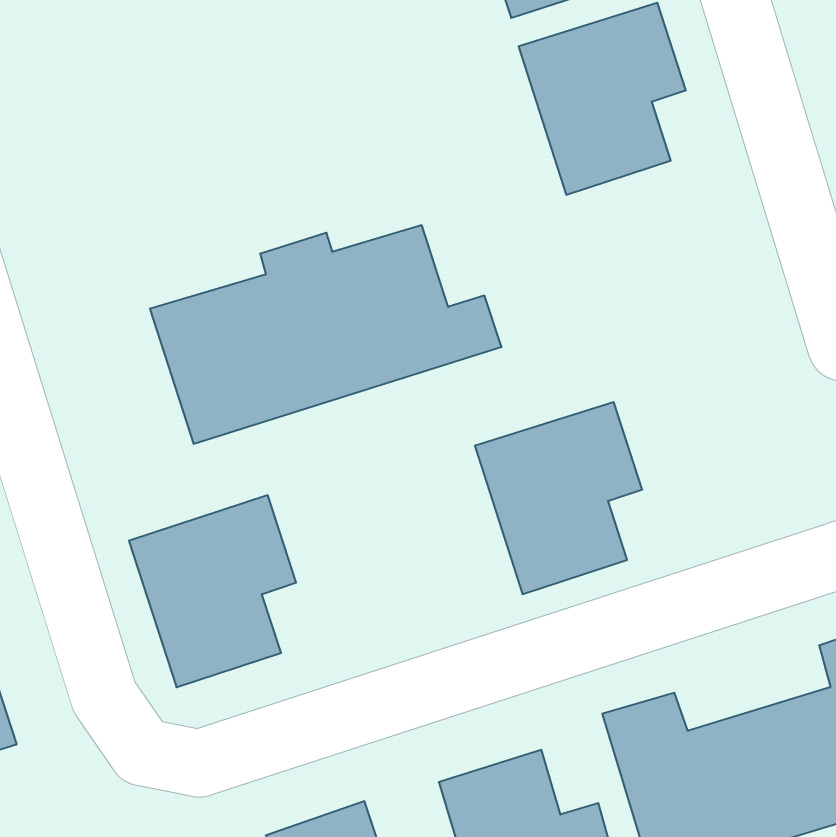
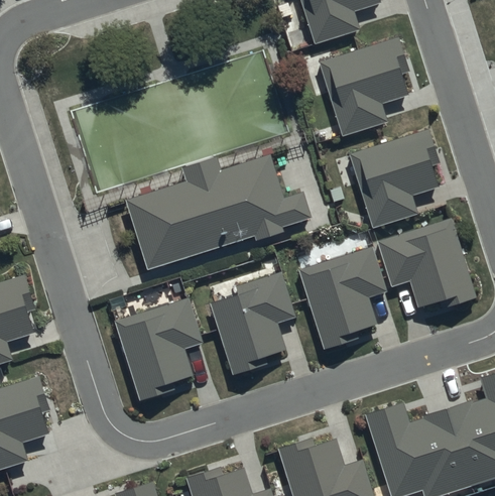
building: none -> [349,128,442,226]
building: none -> [378,219,477,318]
building: none -> [209,276,297,377]

